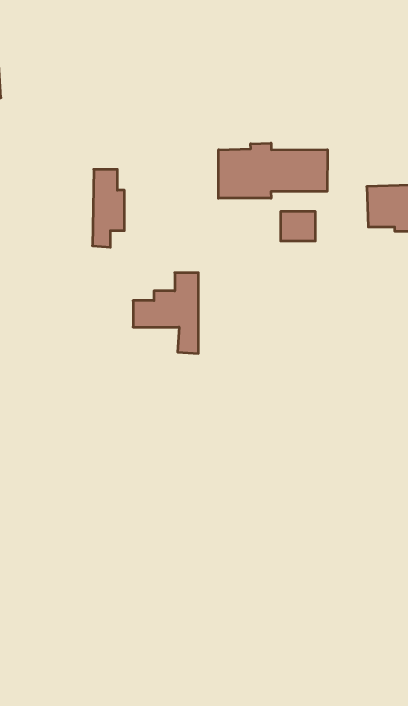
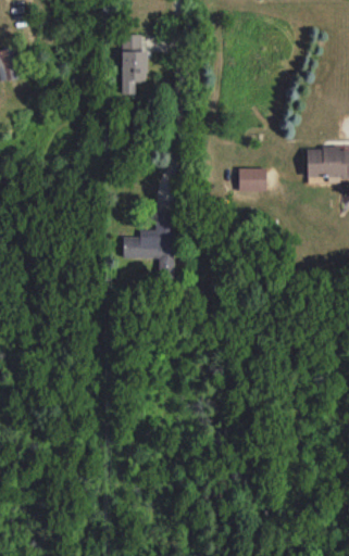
building: [218,143,327,198] -> none
building: [92,169,124,247] -> [122,35,147,96]

